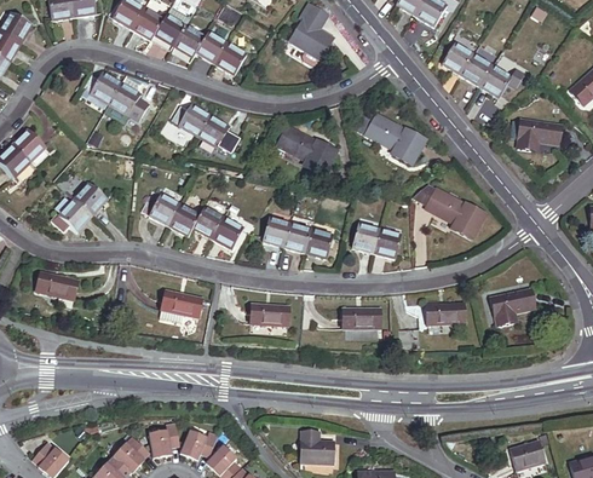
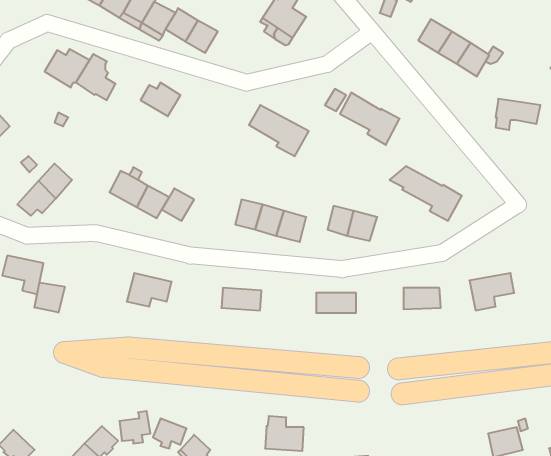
building: [198,116,240,155] -> none
building: [212,218,243,249] -> none
building: none -> [34,282,65,313]

